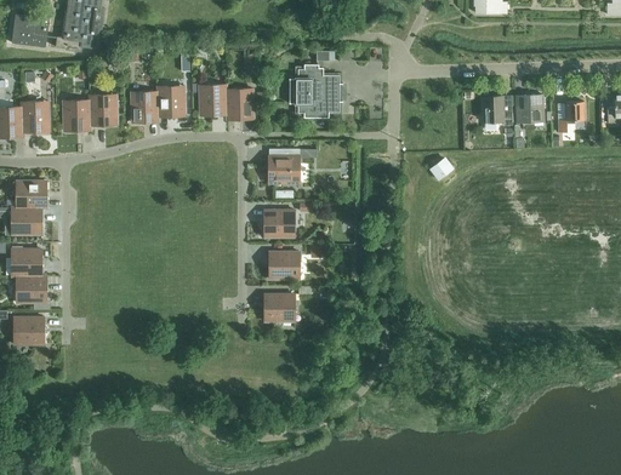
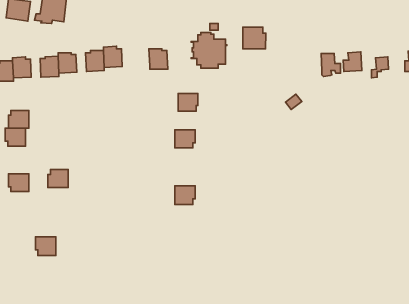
building: none -> [243,27,266,49]
building: [198,84,226,115] -> none
building: [10,248,40,275] -> [48,170,68,187]
building: [268,251,298,279] -> none
building: [12,316,42,344] -> [35,237,56,256]

